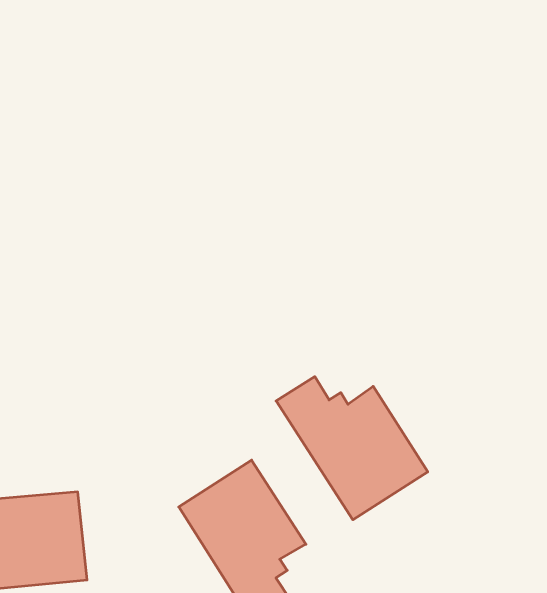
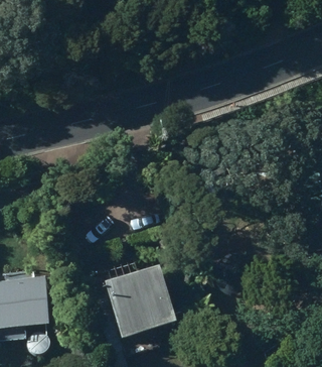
building: [276,377,428,520] -> none

